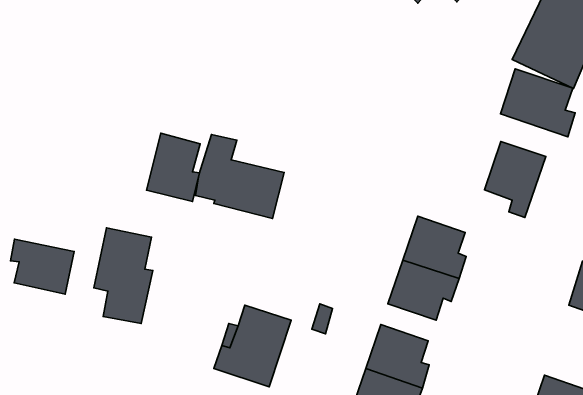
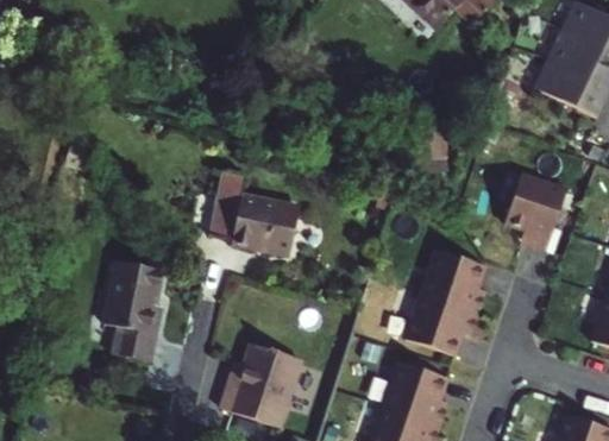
building: [501,69,575,137] -> none
building: [146,133,200,201] -> none
building: [10,239,74,294] -> none

